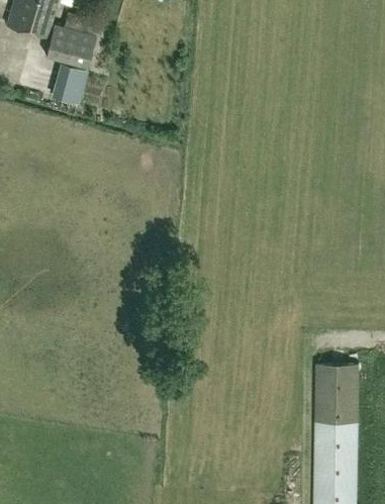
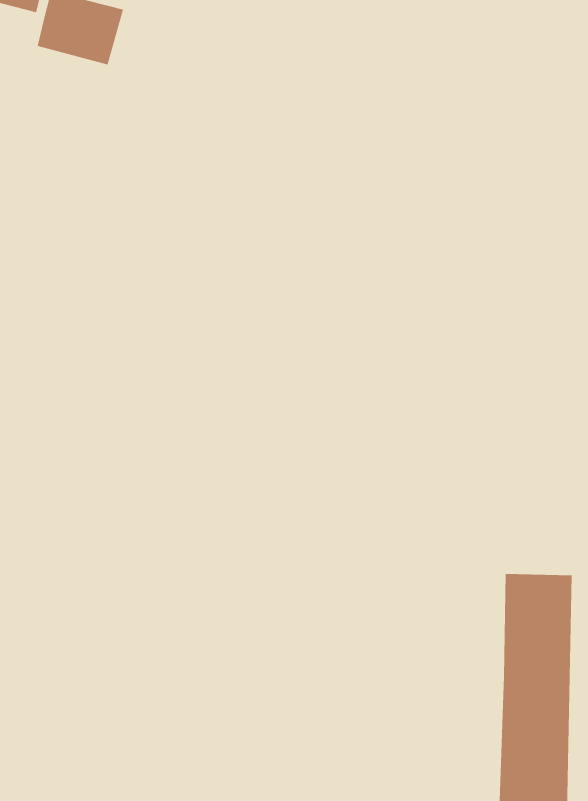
building: [54,65,86,102] -> none

